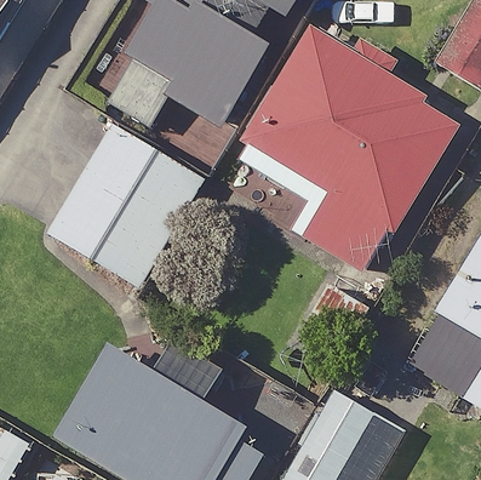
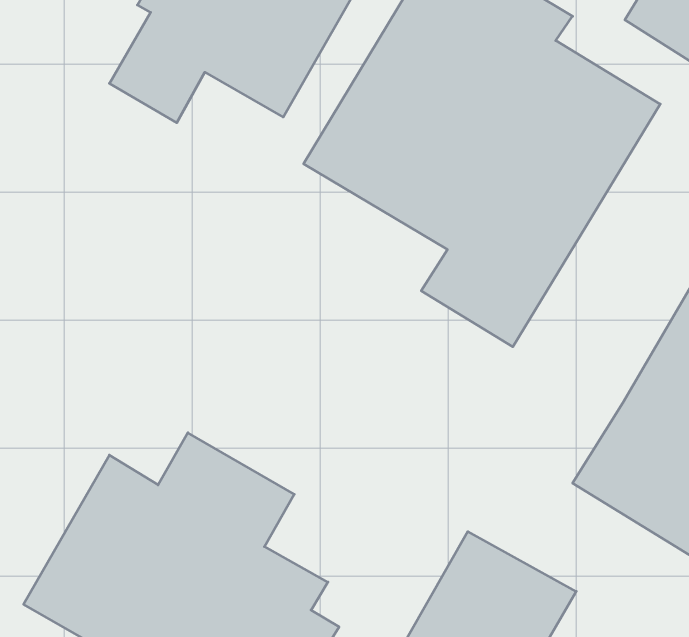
building: [48,126,206,290] -> none

